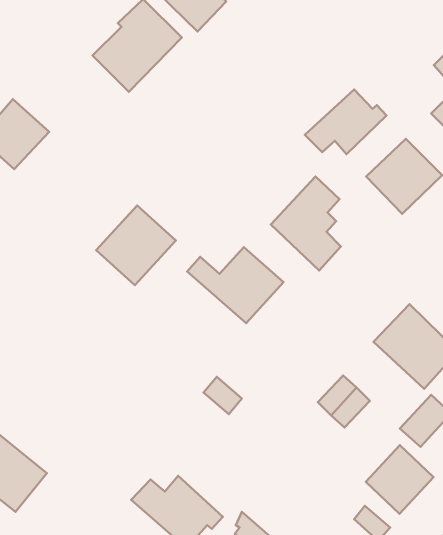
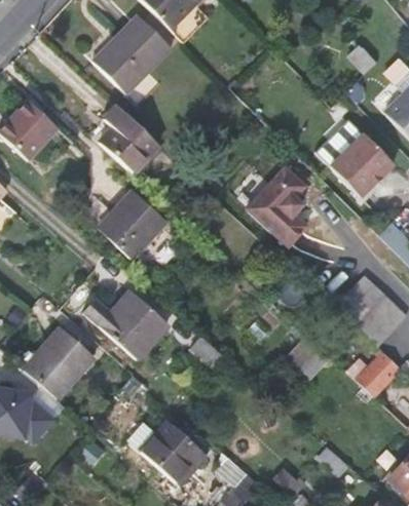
building: [305,89,386,154] -> none
building: none -> [100,105,160,173]
building: [187,247,283,323] -> [86,295,169,359]
building: none -> [25,327,95,399]
building: [366,445,434,514] -> none

